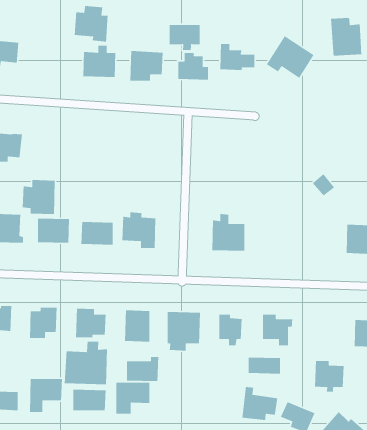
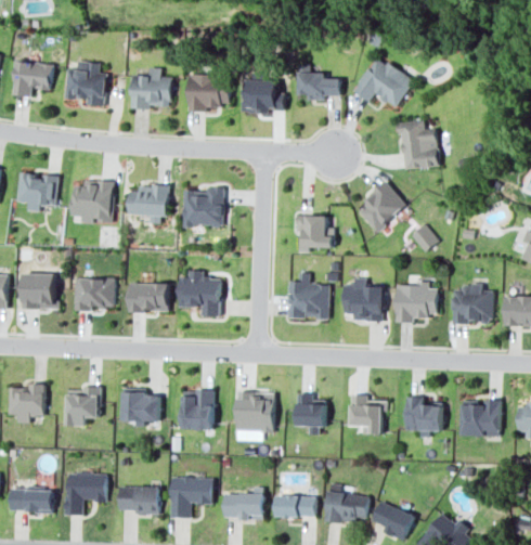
building: [74,5,108,43] -> [64,61,106,106]
building: [330,17,362,57] -> [399,120,438,168]
building: [169,24,200,51] -> none
building: none -> [355,182,405,231]
building: none -> [127,184,167,223]
building: none -> [182,187,223,226]
building: none -> [296,215,333,251]
building: [22,179,56,215] -> [72,180,113,223]
building: none -> [344,277,383,321]
building: none -> [394,283,437,322]
building: [64,341,108,385] -> none
building: [126,356,159,382] -> [223,488,263,519]
building: [248,357,281,375] -> [275,495,315,517]
building: [314,360,344,392] -> [405,397,442,436]

